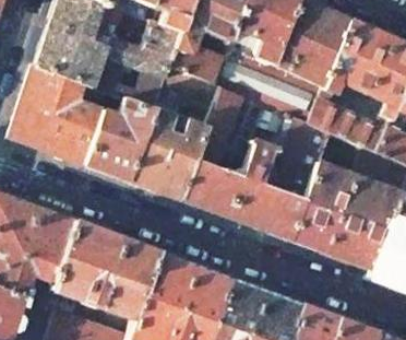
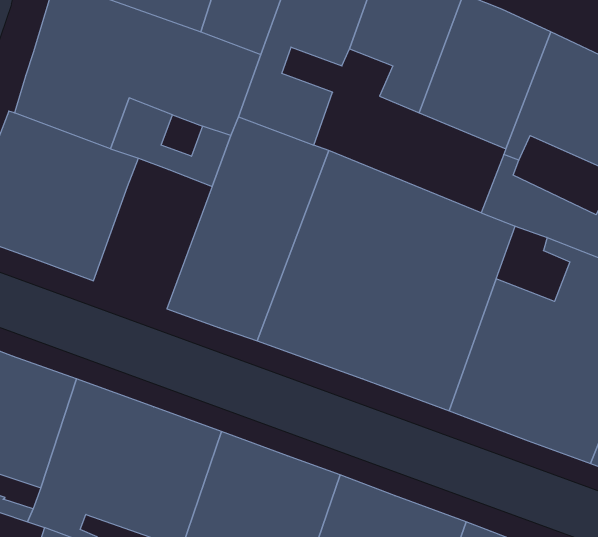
building: [212,48,323,126] -> none
building: [84,101,153,181] -> none

